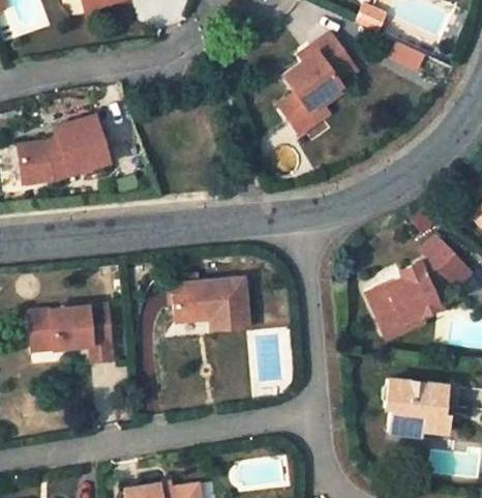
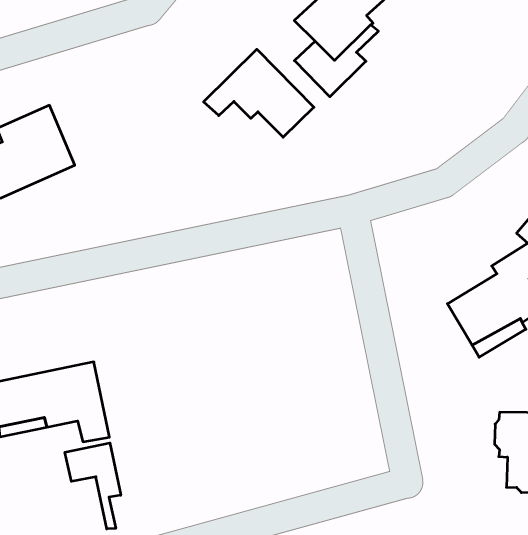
building: none -> [204,49,314,137]
building: [173,276,249,329] -> none
building: none -> [65,443,121,529]

